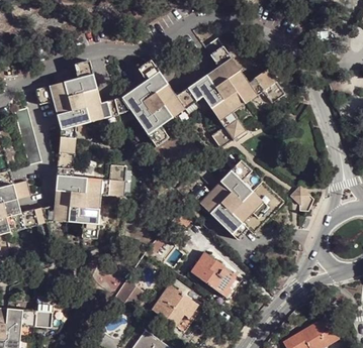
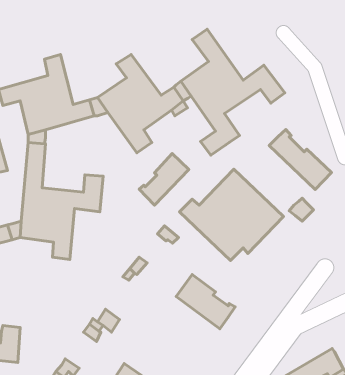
building: none -> [269,130,332,190]
building: none -> [139,154,189,205]
building: [151,283,197,325] -> none

